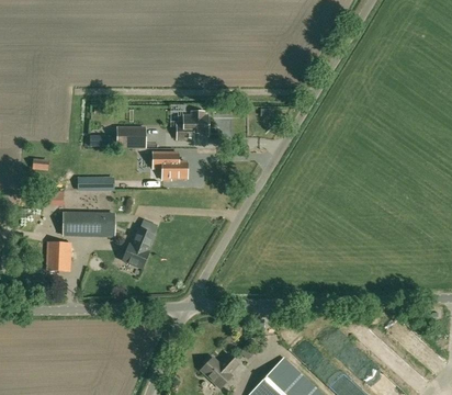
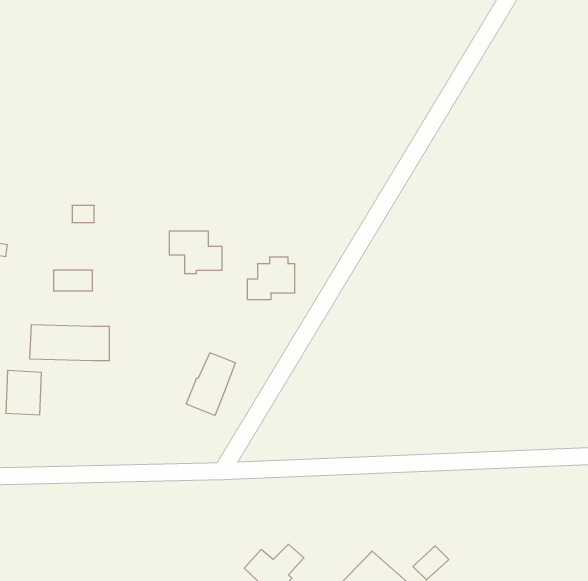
building: [177,112,207,139] -> [247,257,295,300]
building: [116,126,146,148] -> none
building: [123,228,155,269] -> [186,353,236,416]

